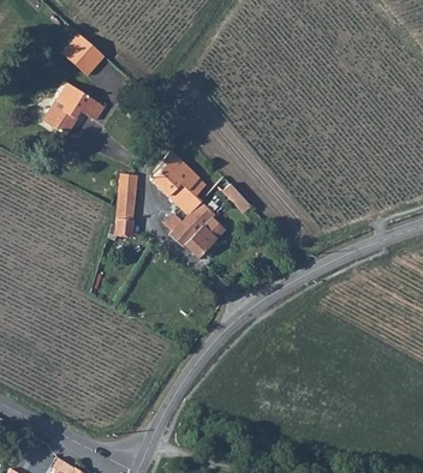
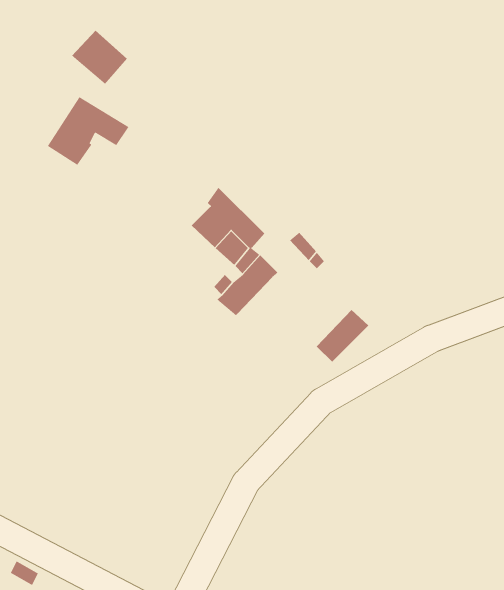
building: [108,173,138,239] -> none
building: [185,217,225,257] -> [316,309,369,363]

